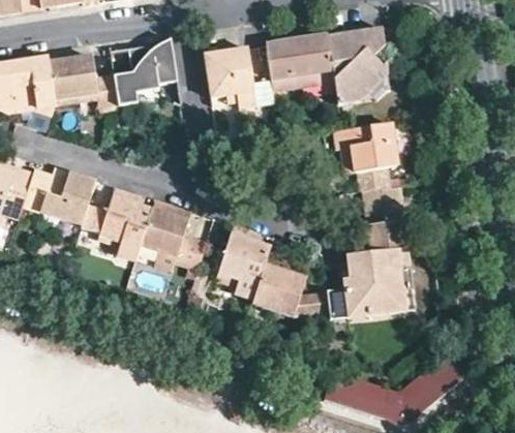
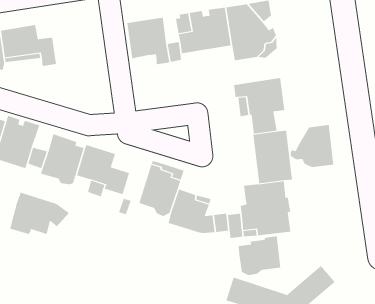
building: [113,38,176,100] -> none
building: none -> [290,124,334,168]
building: none -> [9,192,70,235]
building: none -> [238,235,281,276]

